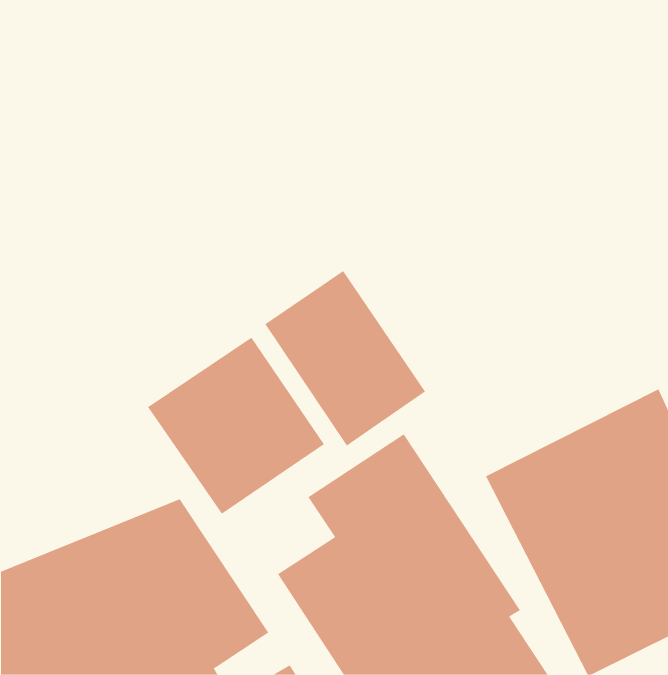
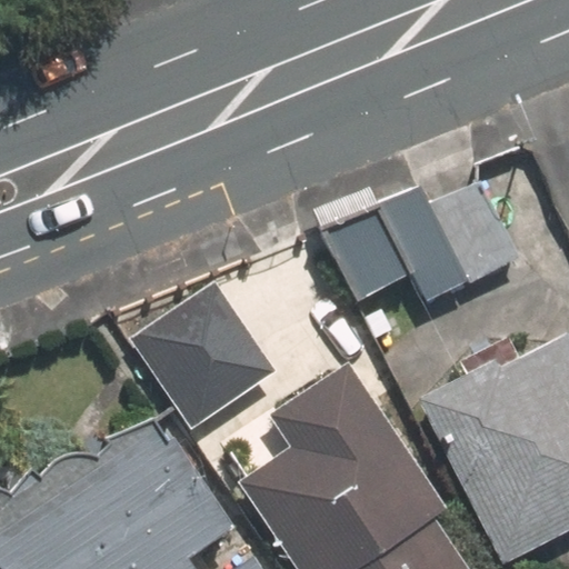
building: none -> [331,181,522,309]
building: [264,270,426,447] -> none

